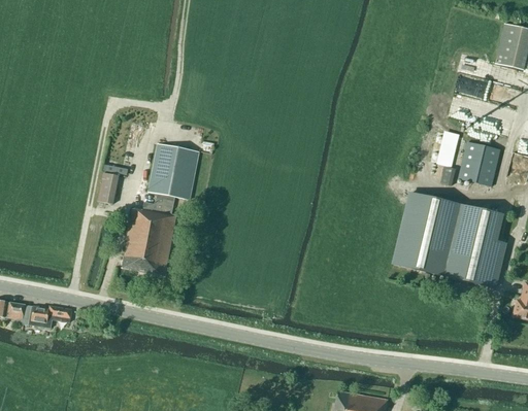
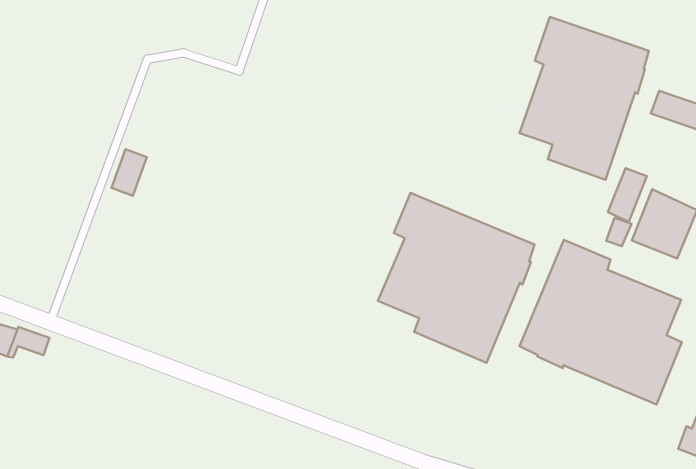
building: none -> [519,17,649,180]
building: [121,143,199,275] -> none
building: none -> [378,193,535,363]

